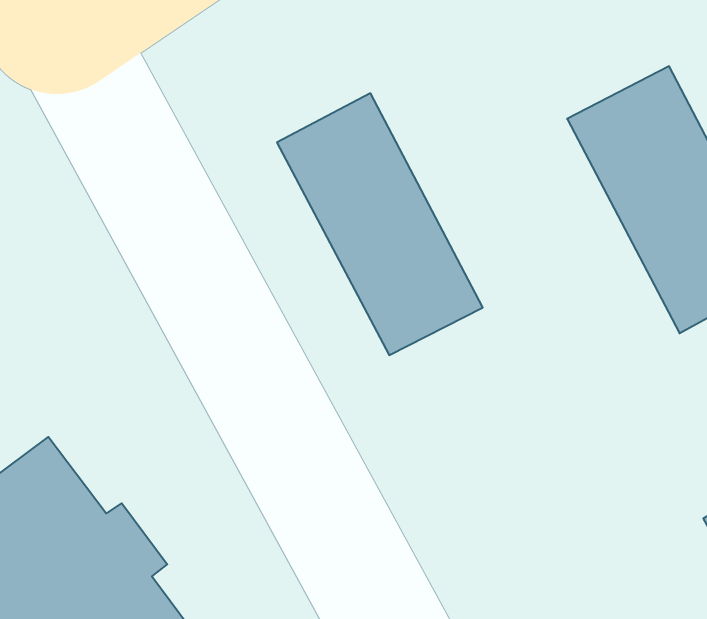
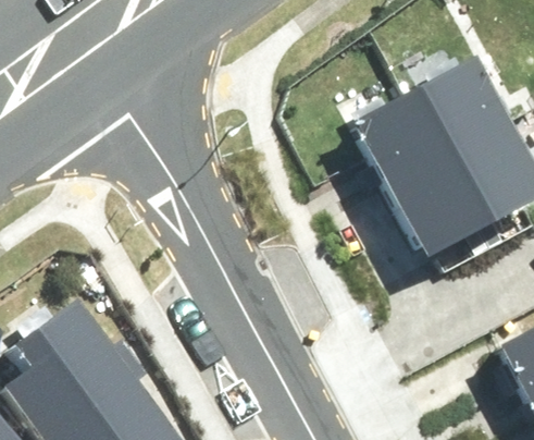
building: [277,93,483,355] -> [350,93,482,260]

